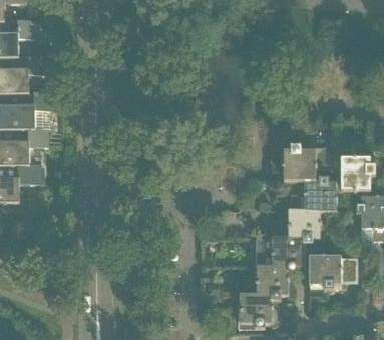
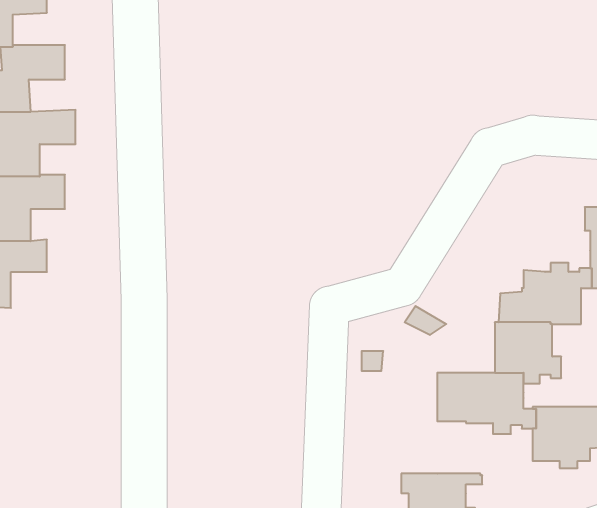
building: [282,146,330,182] -> none
building: [256,265,293,297] -> none

